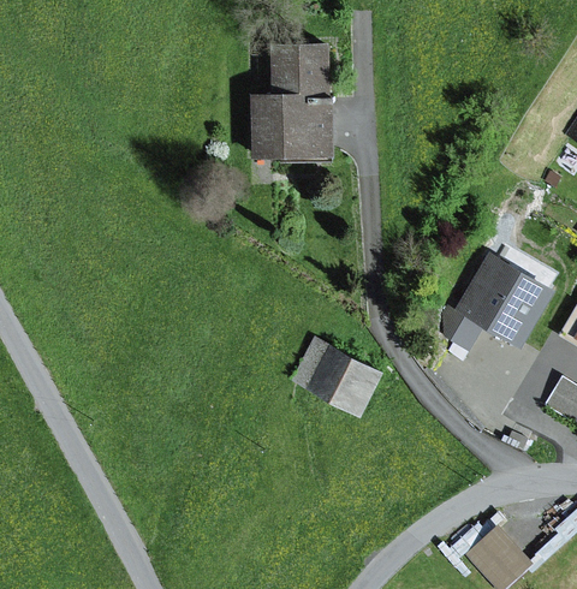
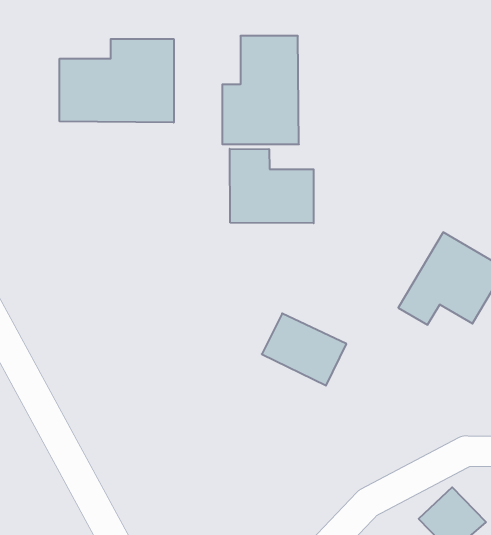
building: none -> [60,39,174,123]
building: none -> [230,149,314,223]

